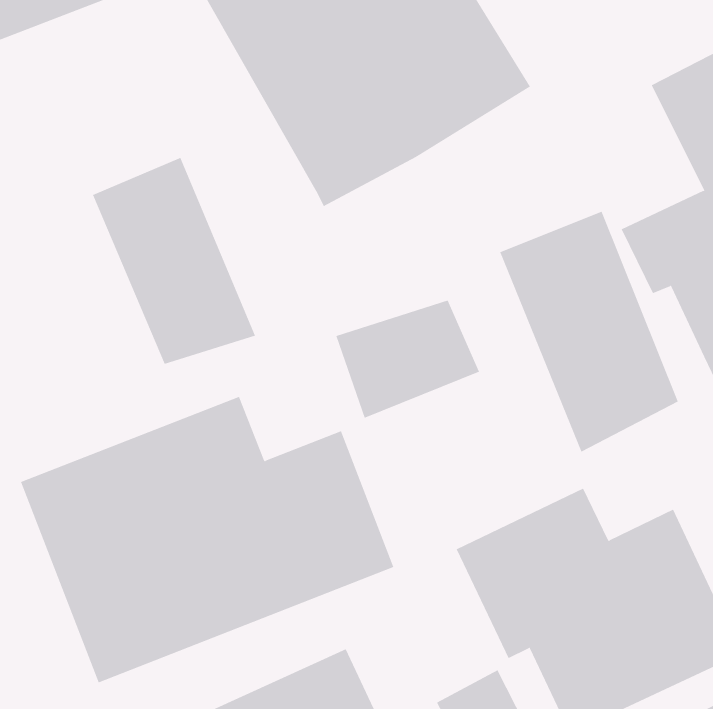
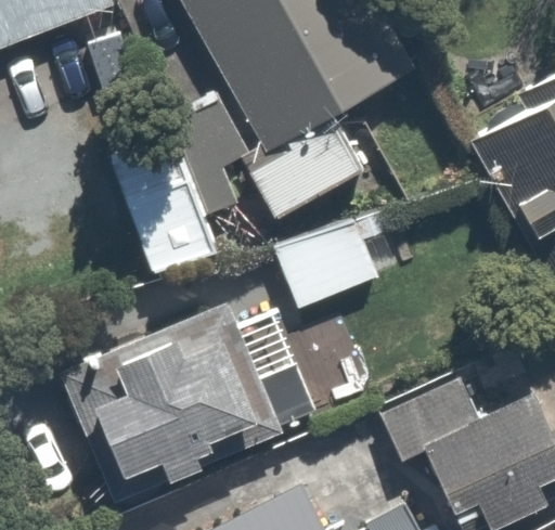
building: none -> [244,121,367,223]
building: [500,211,679,453] -> none

